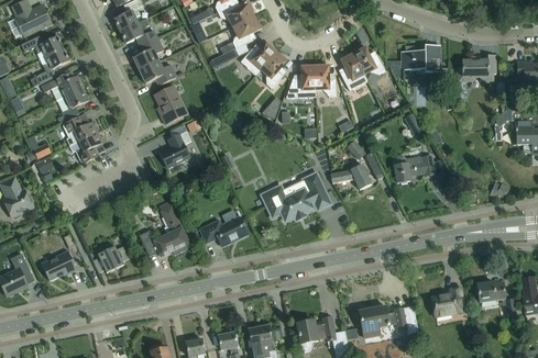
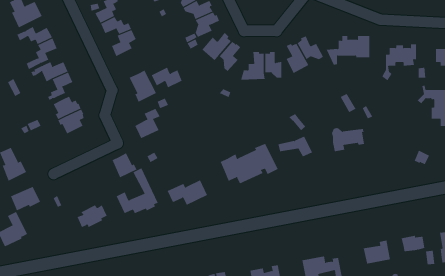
building: [139,60,176,86] -> [151,67,182,88]
building: none -> [112,153,137,178]
building: [41,250,77,280] -> [10,186,41,211]

